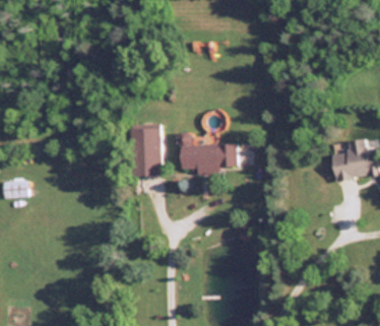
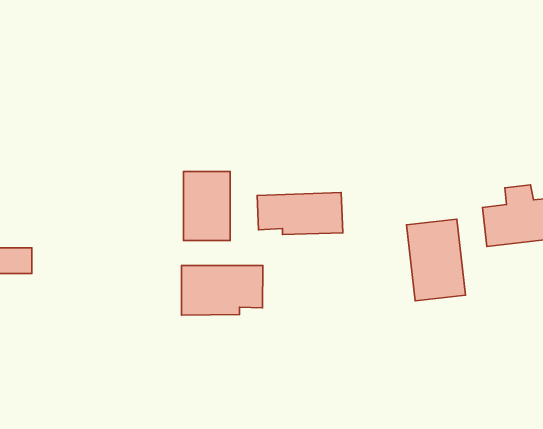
building: none -> [406,219,465,301]
building: none -> [182,266,263,315]

